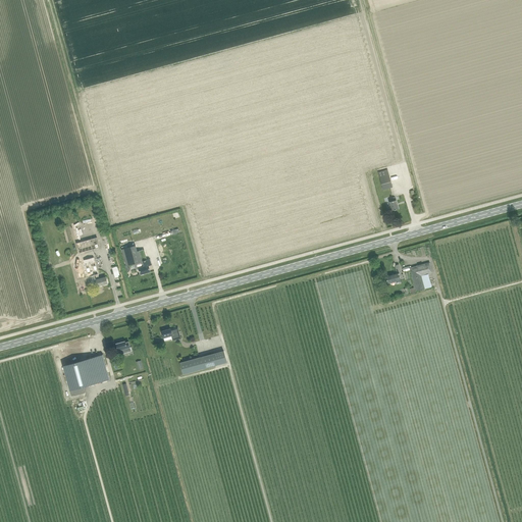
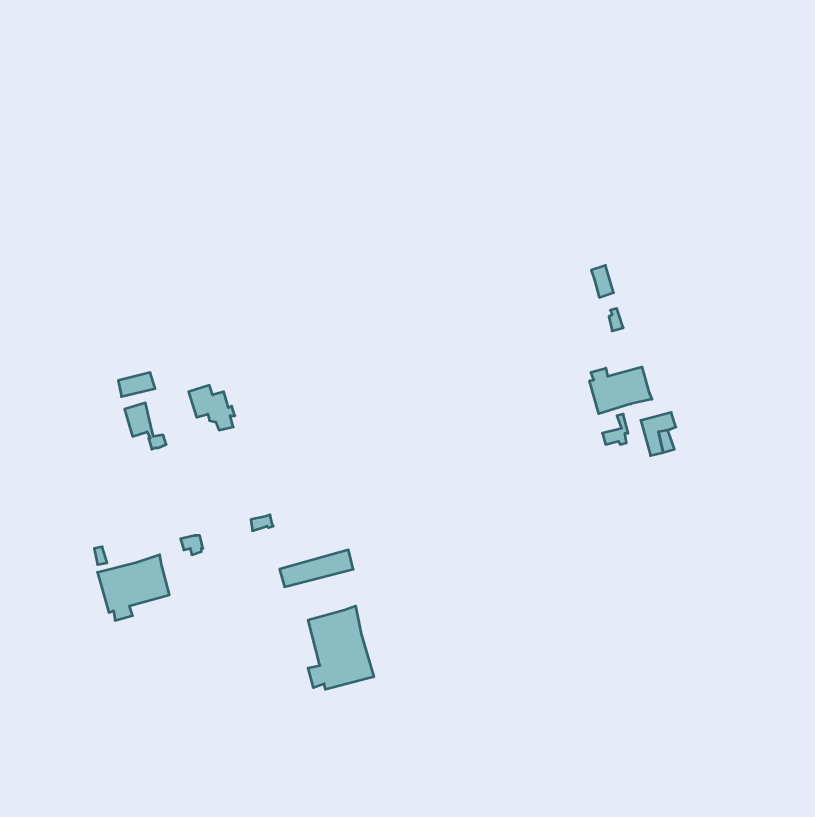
building: none -> [590,367,652,414]
building: none -> [308,606,374,689]

